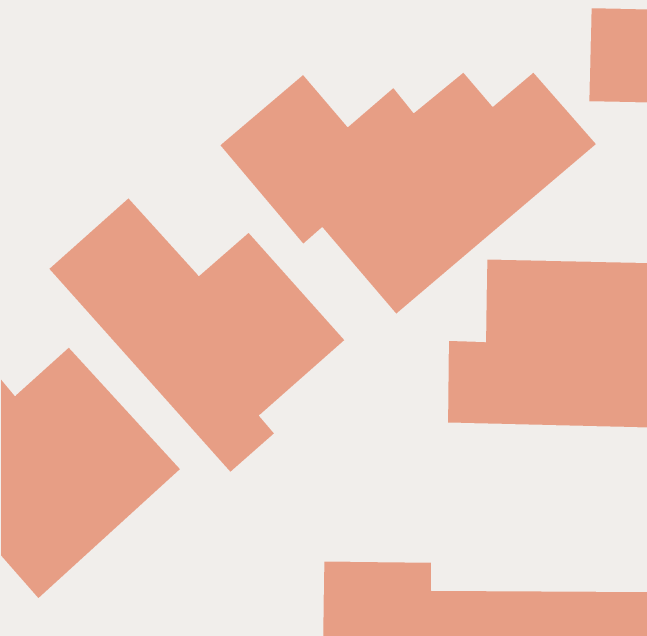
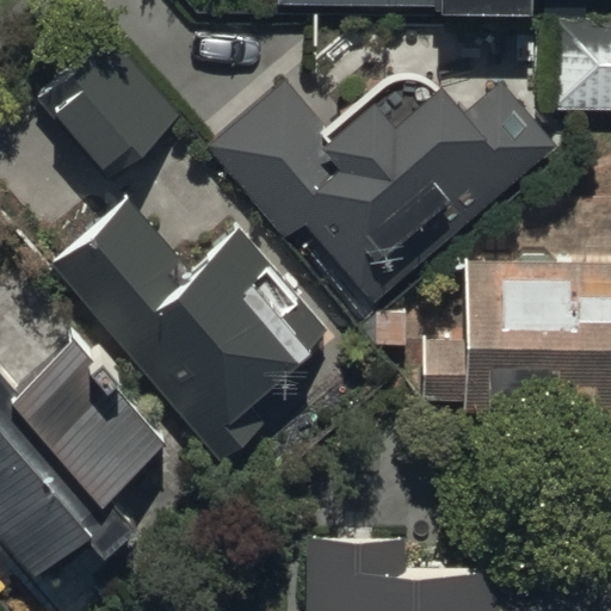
building: none -> [41,42,171,174]

